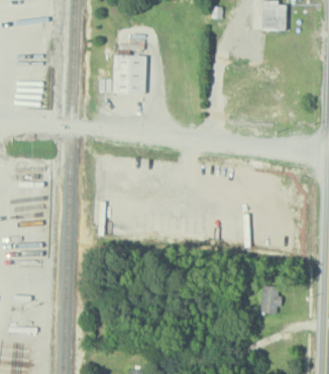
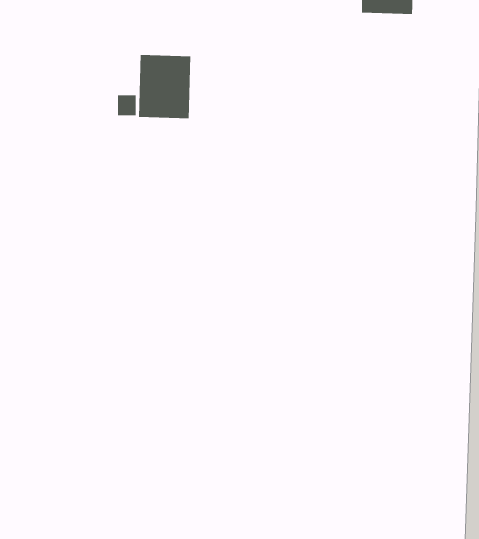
building: [261,286,281,314] -> none

